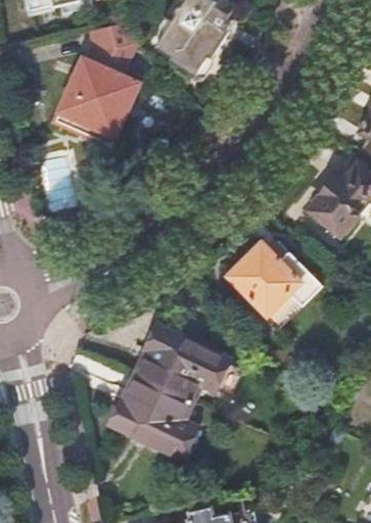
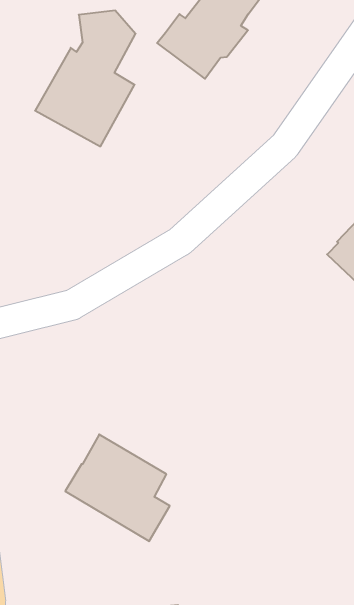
building: [227,243,309,318] -> none
building: [134,325,229,402] -> none

